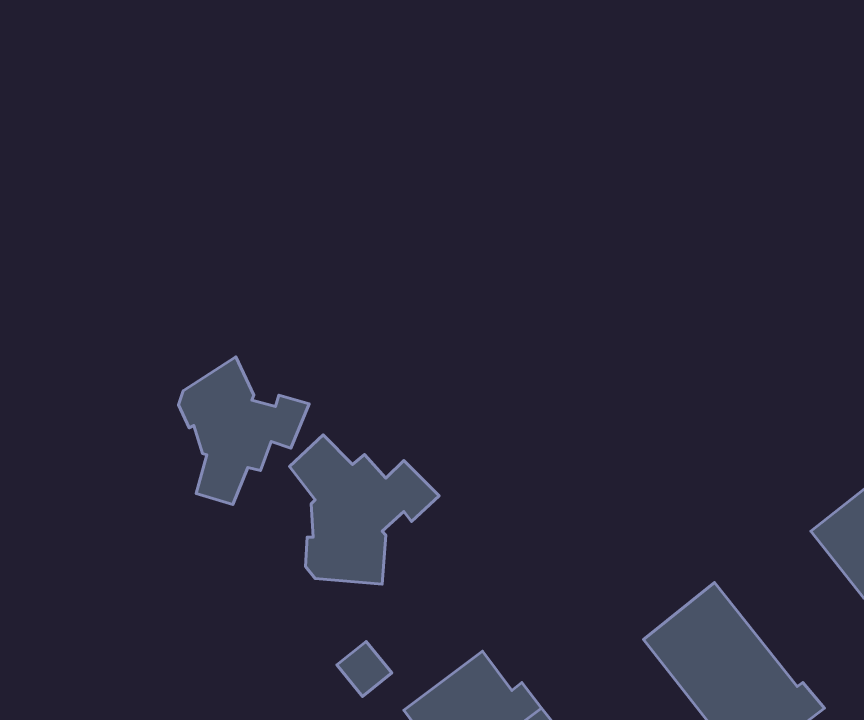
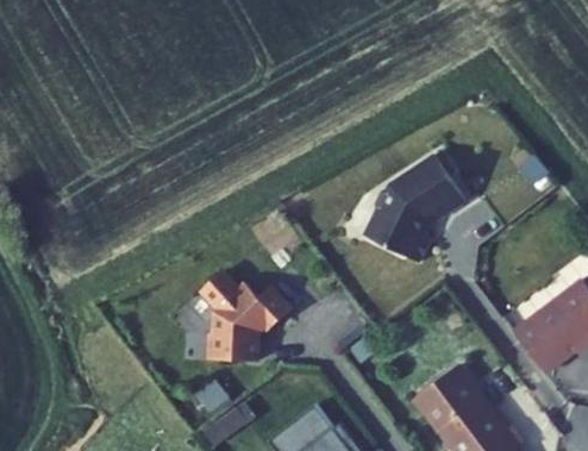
building: none -> [352,152,452,257]
building: [179,357,309,504] -> none

